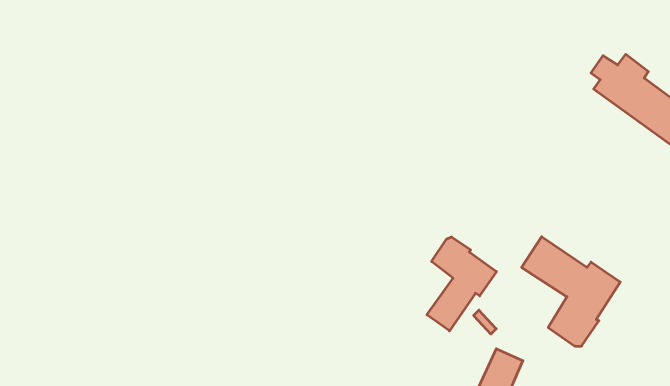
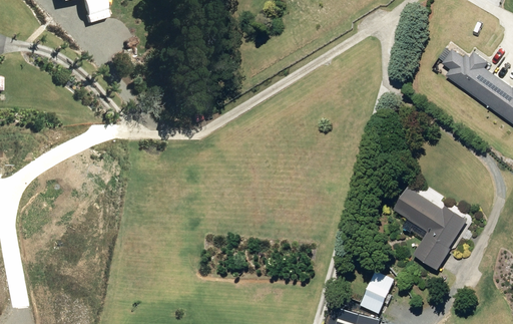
building: [427,237,496,331] -> none

